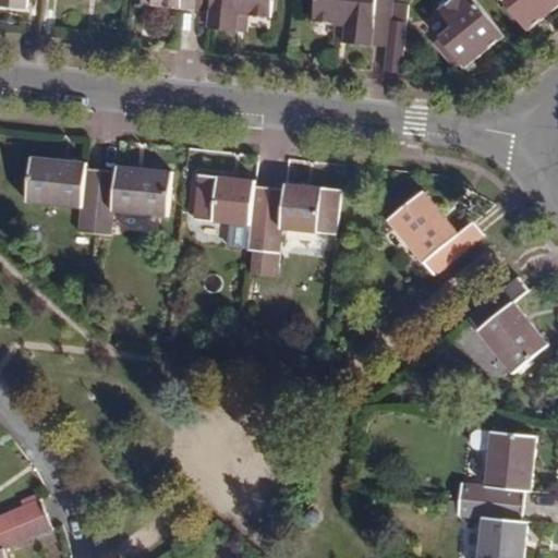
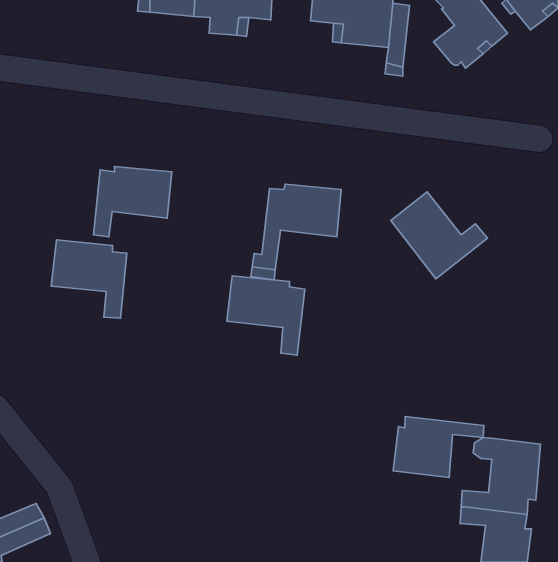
building: [24,155,99,232] -> [51,240,127,318]
building: [190,173,267,252] -> [227,276,305,355]
building: [465,279,546,376] -> none
building: none -> [393,417,484,477]

